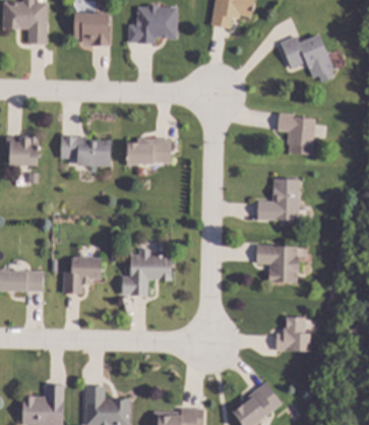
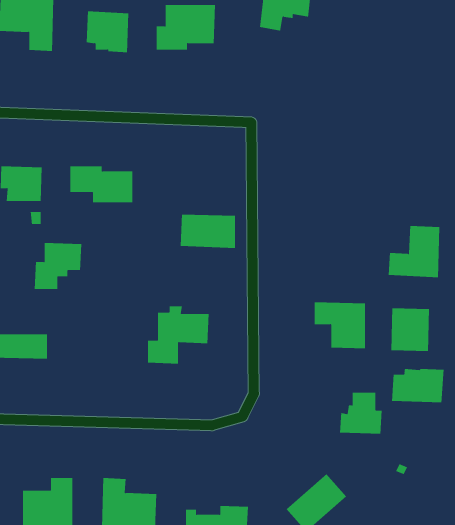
building: [281,34,334,82] -> none
building: [276,113,315,155] -> none
building: [126,137,171,165] -> [180,214,236,249]
building: [257,179,299,221] -> [388,226,440,278]
building: none -> [391,307,429,352]
building: [63,256,102,294] -> [34,243,82,290]
building: none -> [392,368,444,403]

